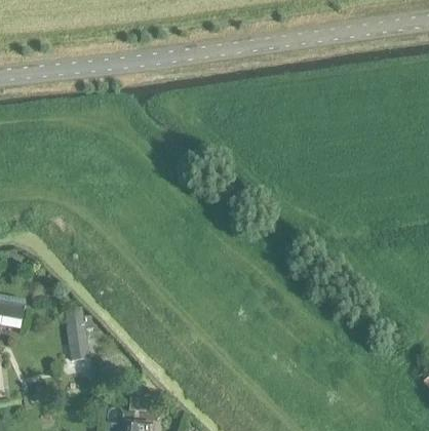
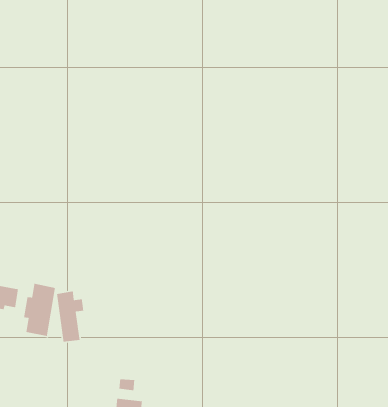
building: none -> [23,283,56,337]

